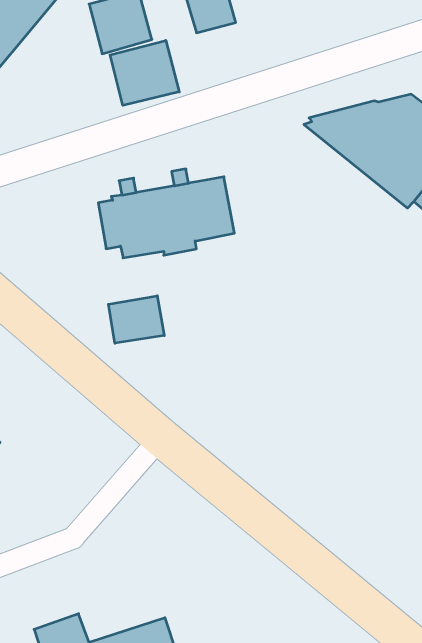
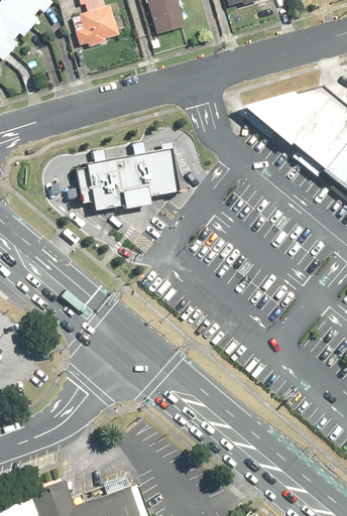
building: [110,40,179,105] -> none
building: [108,296,164,343] -> none

